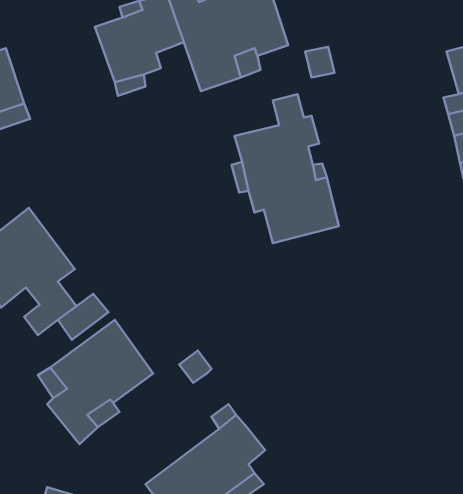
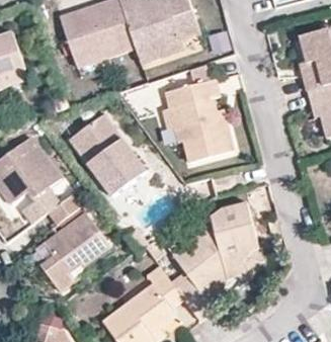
building: none -> [72,112,147,190]
building: none -> [169,202,259,321]

